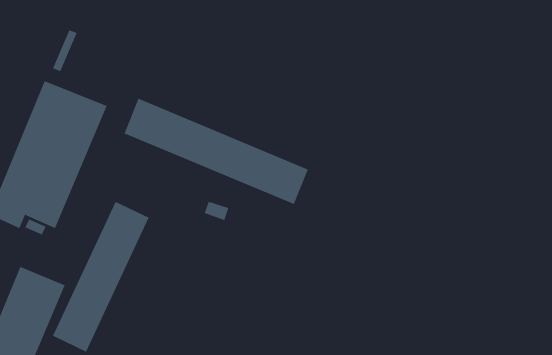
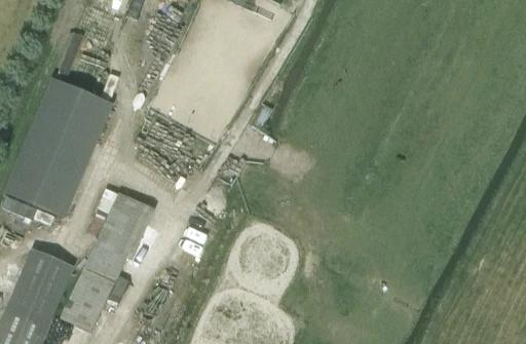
building: [124,98,309,205] -> none

